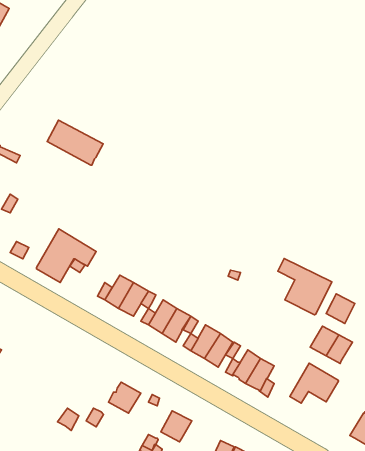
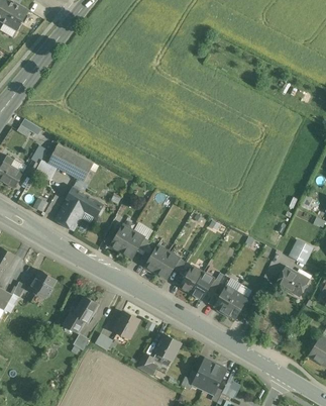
building: [47,120,103,165] -> [47,144,93,181]
building: [278,259,332,315] -> none
building: none -> [29,270,55,297]
building: none -> [63,295,97,332]
building: [290,363,339,403] -> none

